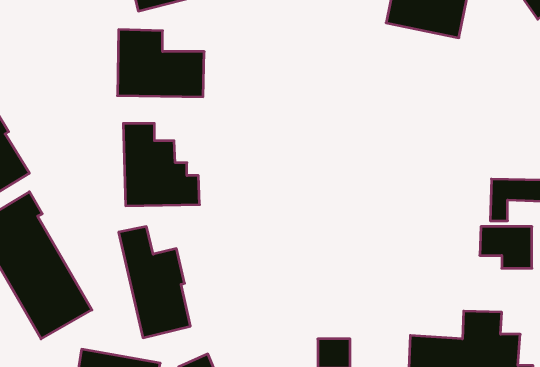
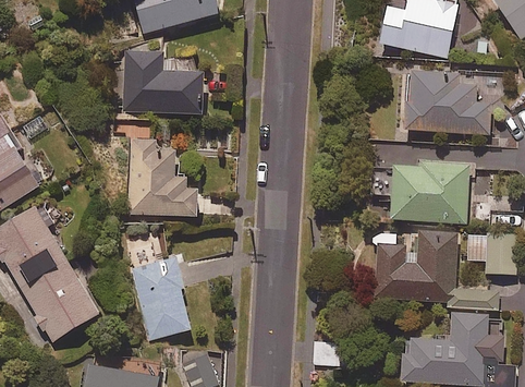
building: none -> [403,70,489,135]
building: none -> [389,160,467,223]
building: none -> [370,230,493,309]

